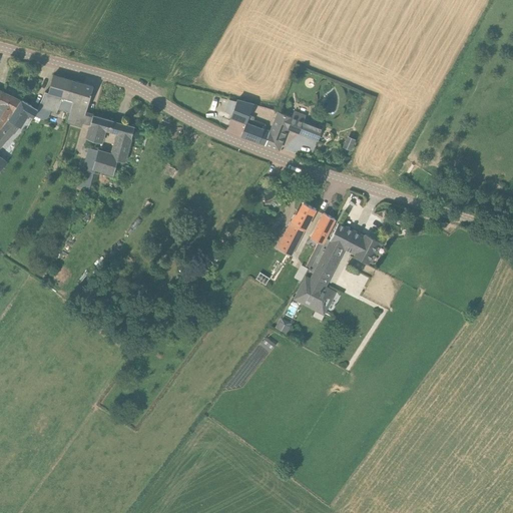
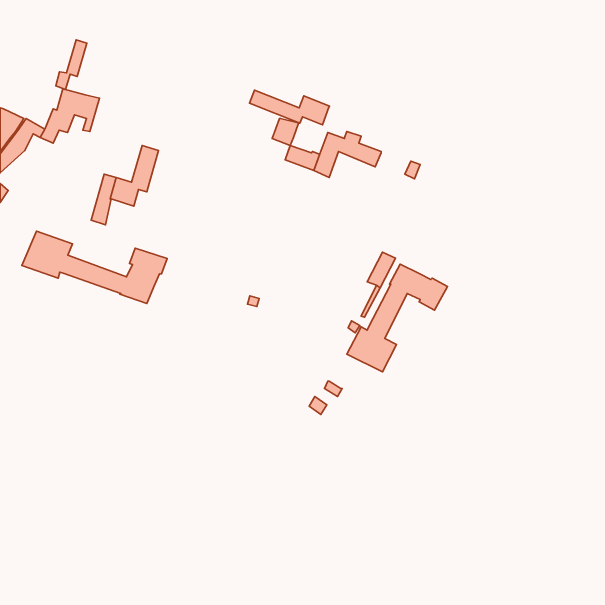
building: none -> [249,90,330,125]
building: [67,83,93,125] -> [56,40,87,89]
building: [86,115,113,142] -> none
building: none -> [22,231,167,304]
building: [277,202,316,255] -> none

